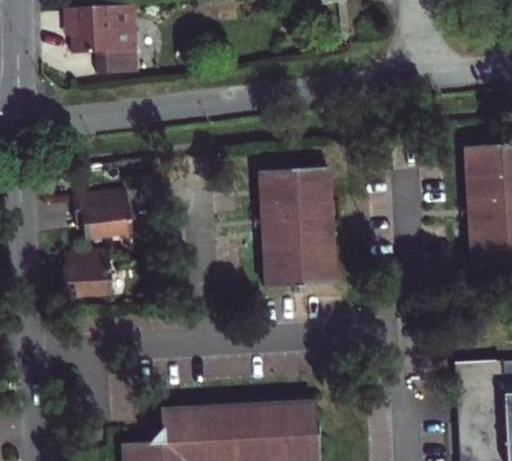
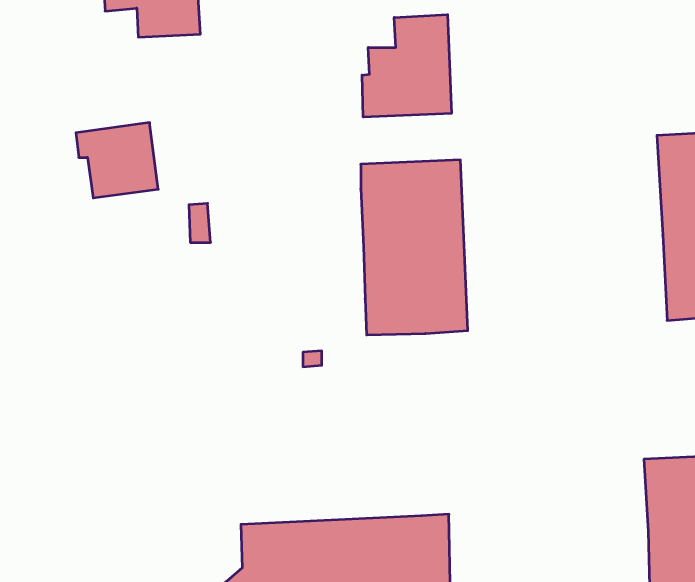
building: none -> [362,15,451,117]
building: [76,187,133,239] -> [76,123,158,198]
building: [61,245,111,294] -> none

